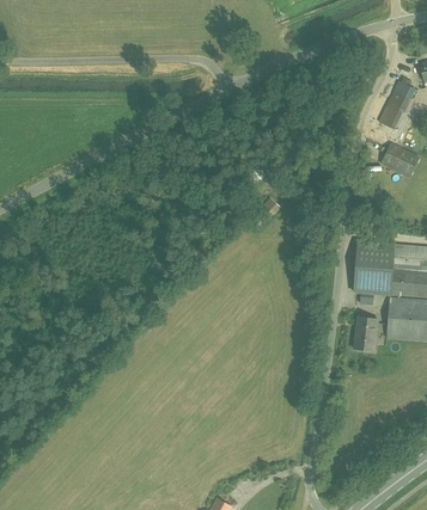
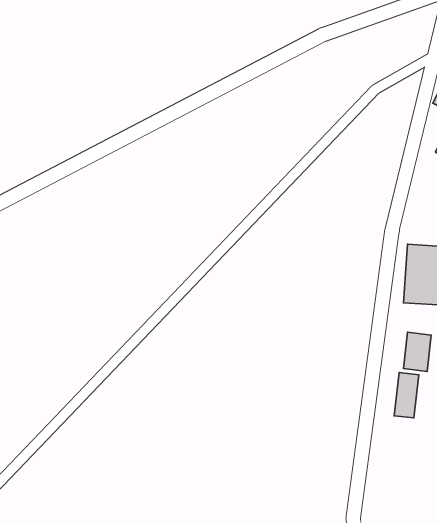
building: none -> [394,373,419,418]

